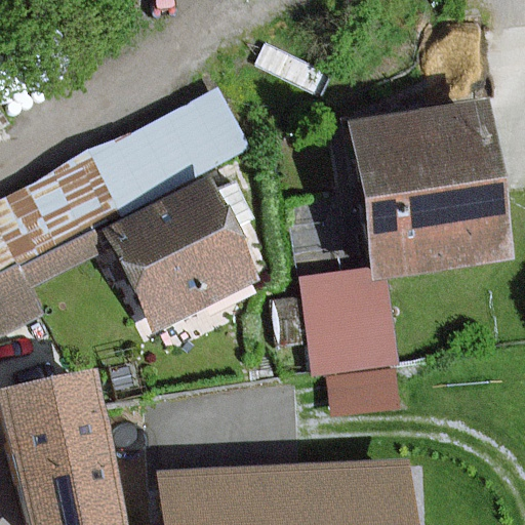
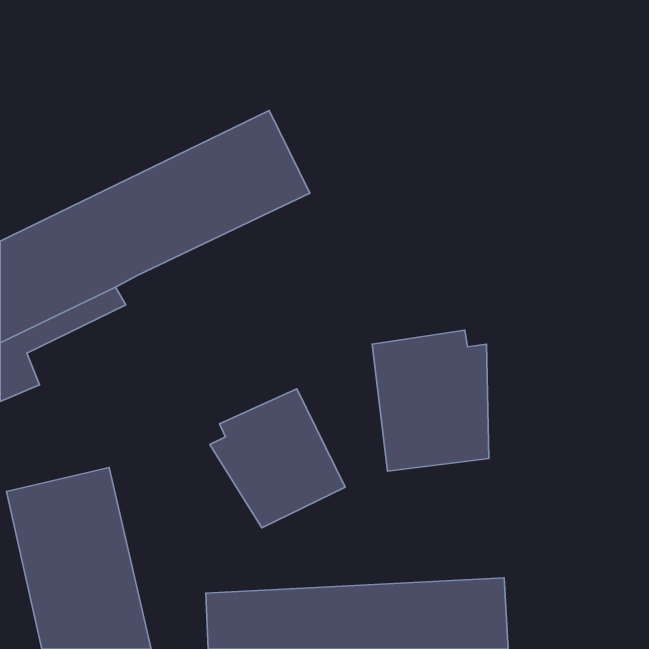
building: [353,103,509,280] -> none
building: [111,176,256,323] -> none
building: none -> [210,389,345,528]

